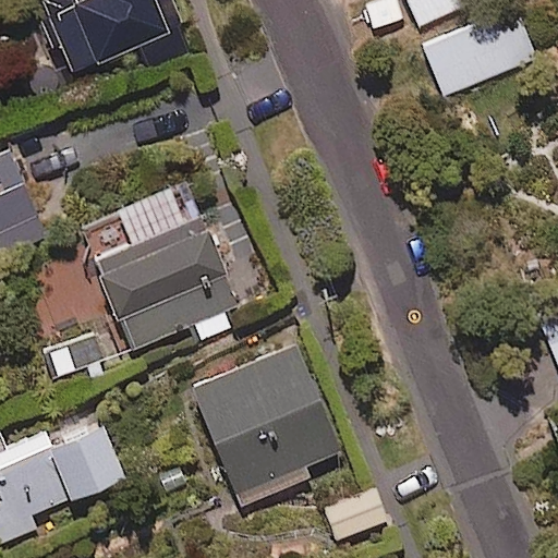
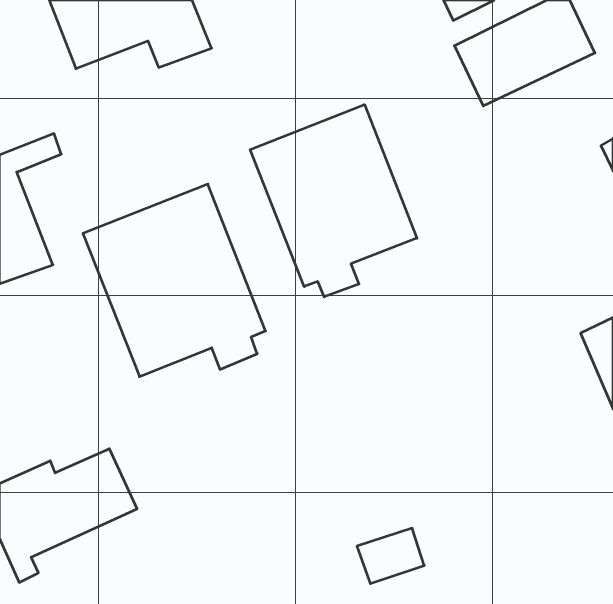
building: none -> [250,105,417,297]
building: [192,341,339,507] -> none

